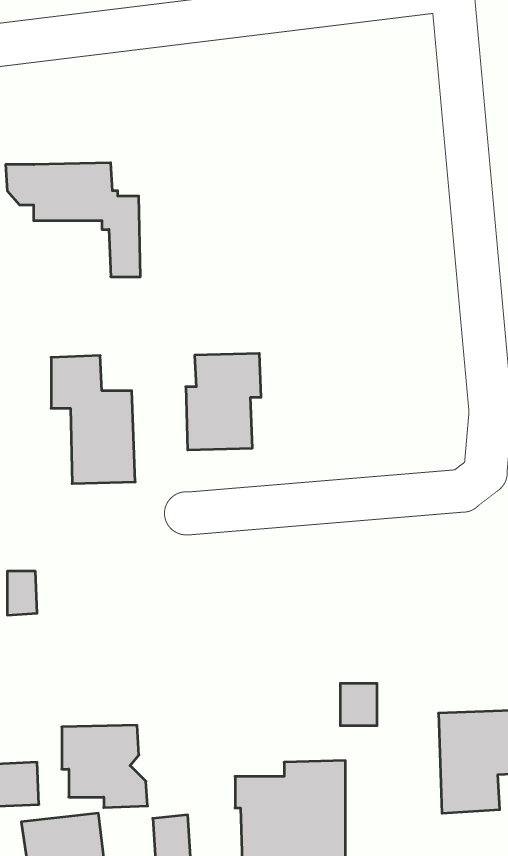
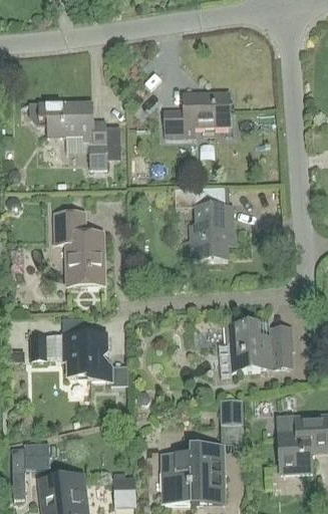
building: none -> [165,92,230,134]
building: [186,353,261,450] -> [190,205,233,260]
building: none -> [225,321,293,371]
building: [62,725,148,808] -> [62,333,111,380]

